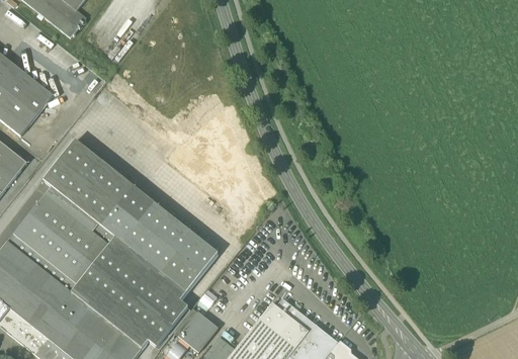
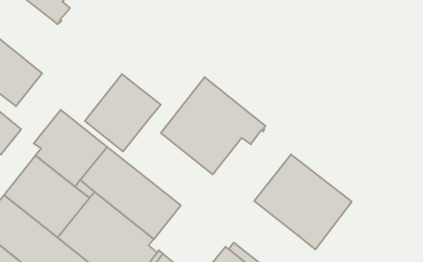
building: none -> [85,74,161,151]
building: none -> [161,77,266,174]
building: none -> [254,154,352,249]

